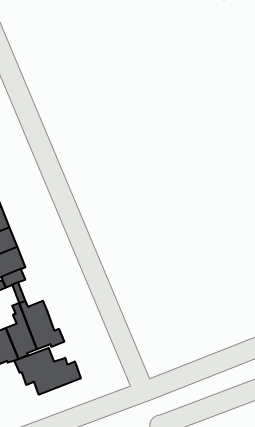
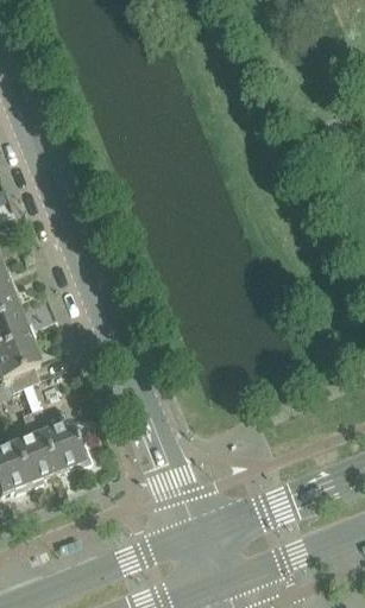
building: [14,348,81,395] -> none

